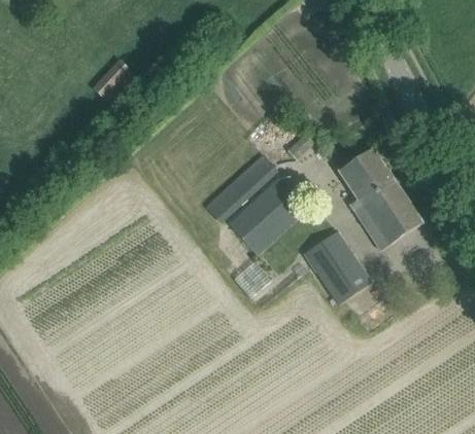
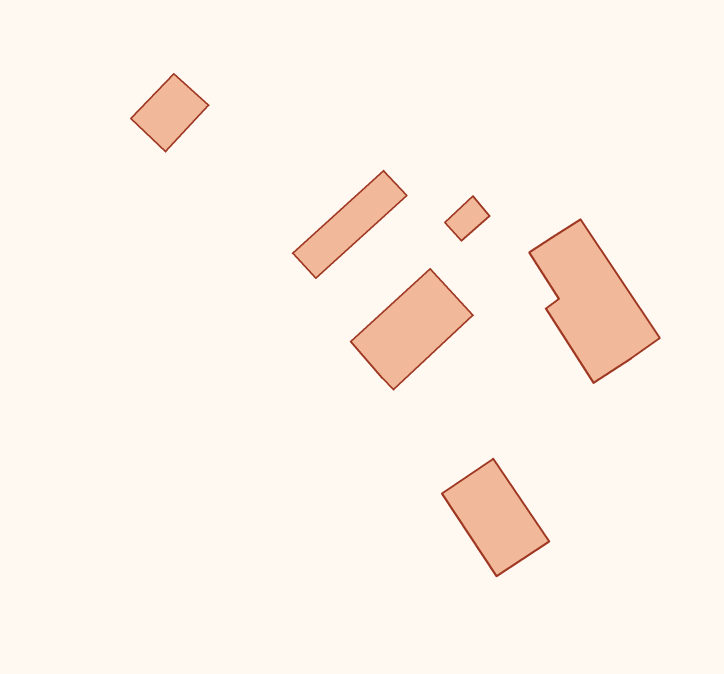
building: [206,155,277,222] -> [293,171,407,278]
building: [304,231,371,304] -> [442,459,549,576]

